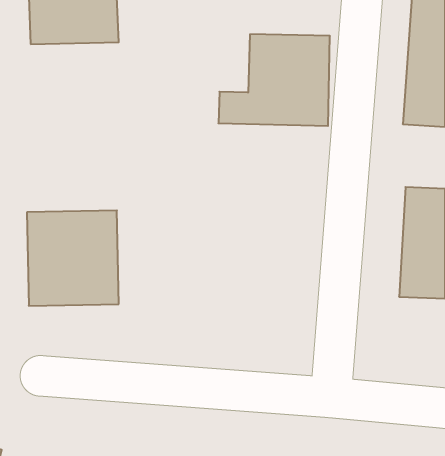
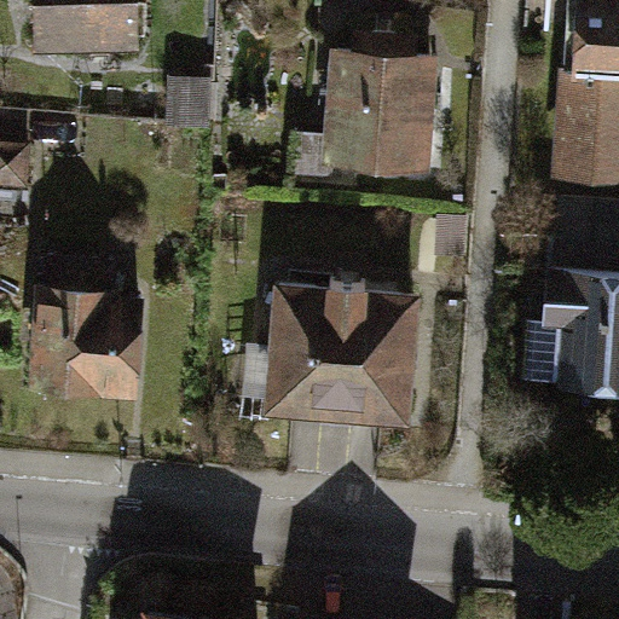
building: none -> [272,268,433,422]

